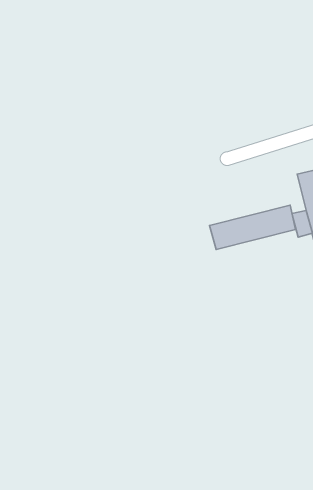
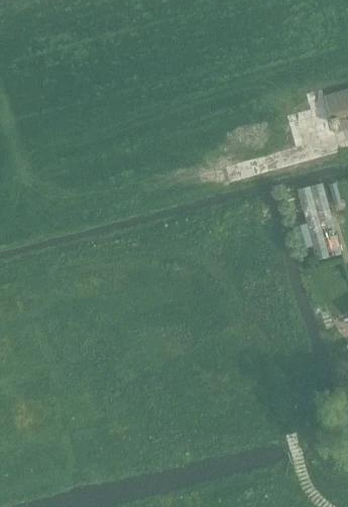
building: [210,205,295,249] -> none

